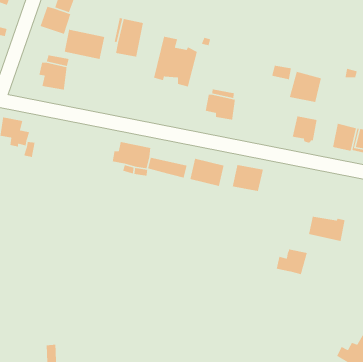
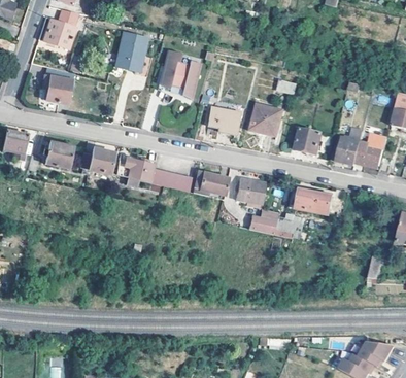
building: [64,29,105,60] -> none
building: [289,71,322,103] -> [249,103,282,135]
building: none -> [43,140,73,168]
building: none -> [82,146,114,174]
building: [308,216,345,242] -> [295,190,332,215]
building: [276,248,308,275] -> [248,207,280,234]

